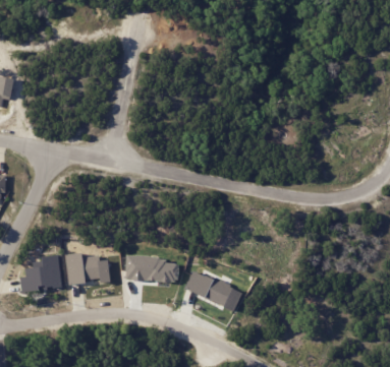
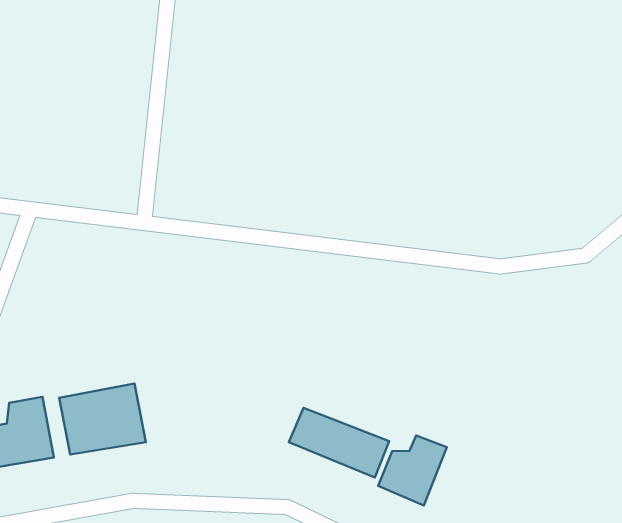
building: [129,257,181,282] -> none
building: none -> [378,436,447,506]

